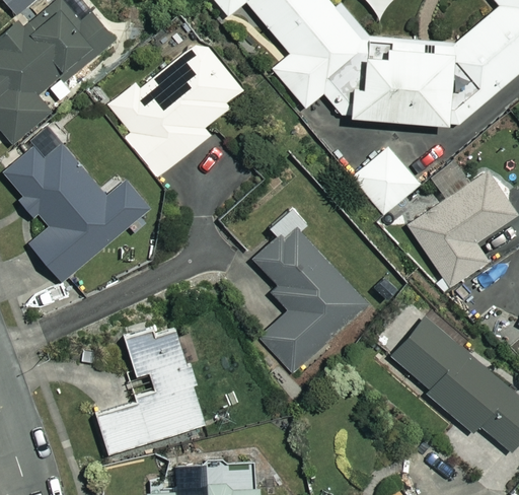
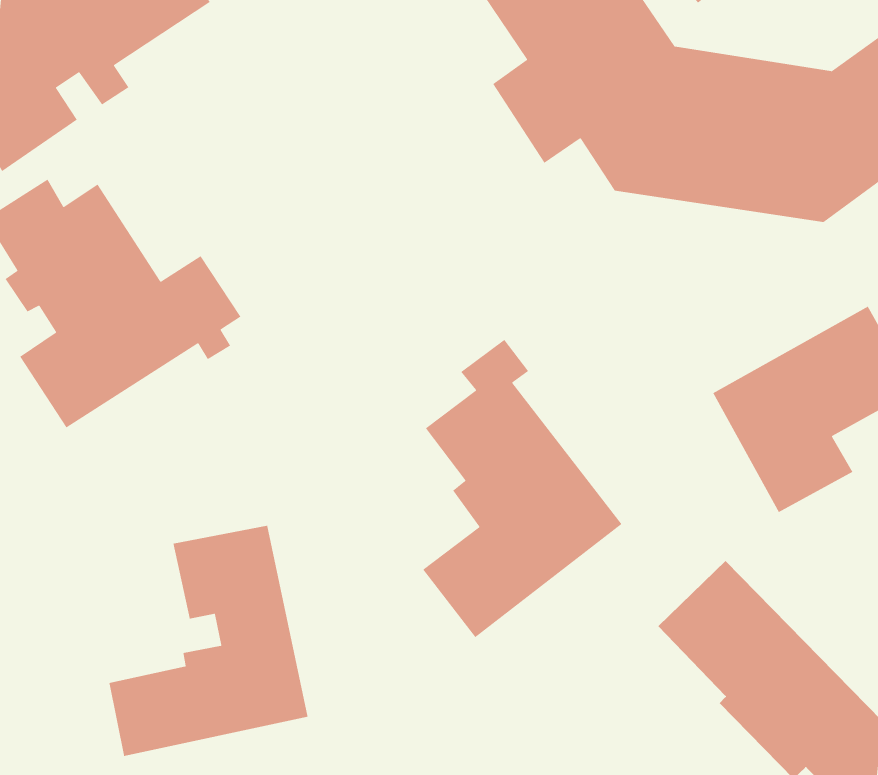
building: [108,41,245,176] -> none
building: [352,145,421,215] -> none

